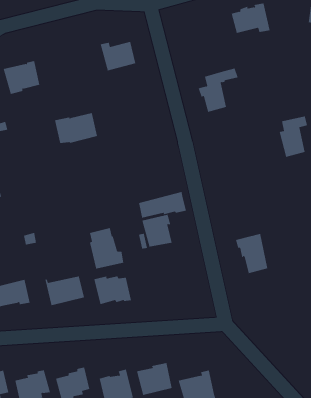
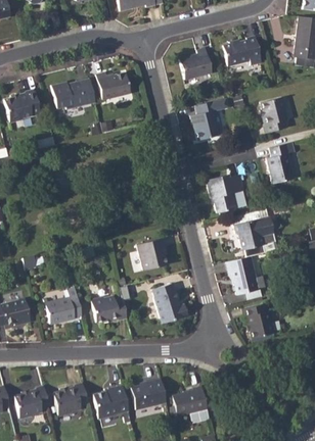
building: none -> [179,47,211,79]
building: none -> [261,97,288,133]
building: [54,113,98,144] -> [52,79,94,108]
building: none -> [208,175,243,212]
building: [138,191,186,219] -> none
building: none -> [231,216,270,257]
building: [89,228,124,269] -> [148,282,182,322]
building: none -> [242,304,275,339]

